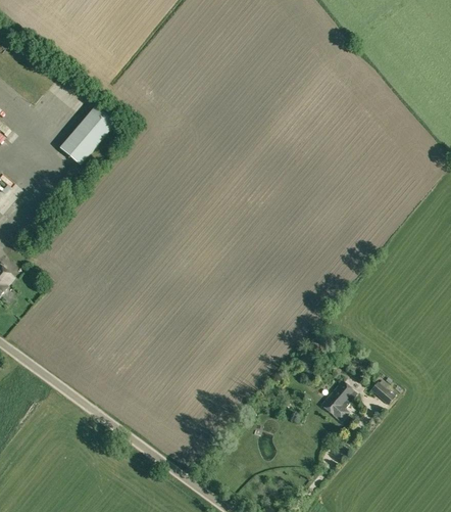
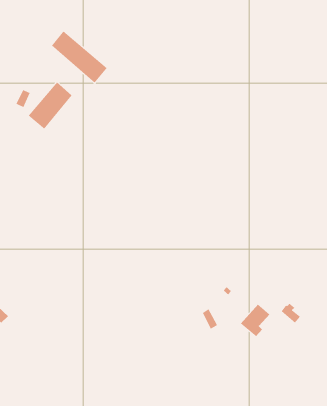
building: none -> [51,31,108,83]

